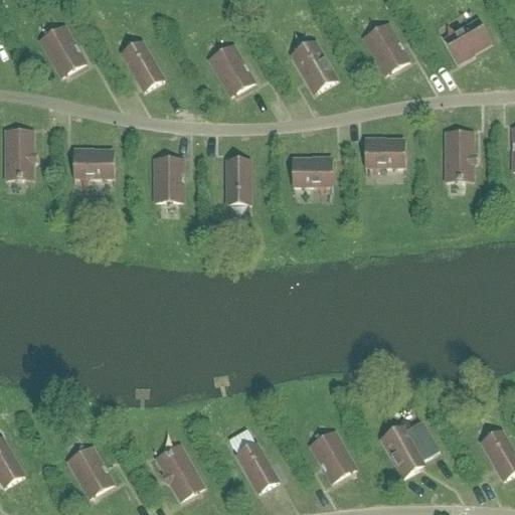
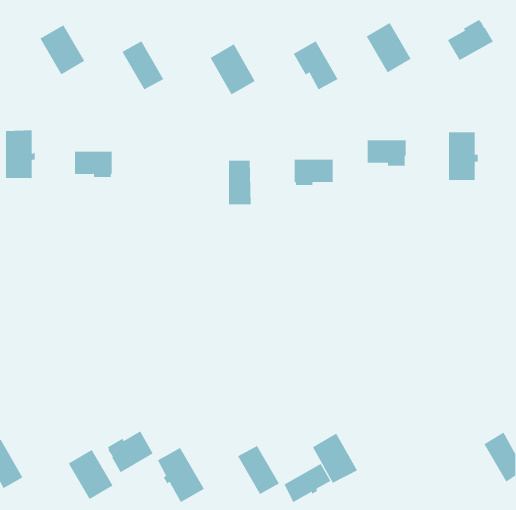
building: [154,157,182,199] -> none
building: [380,420,438,476] -> none
building: none -> [107,431,153,473]
building: none -> [284,463,331,503]

